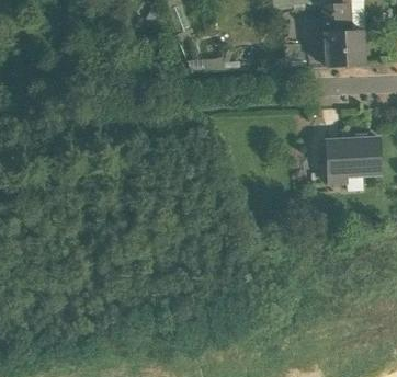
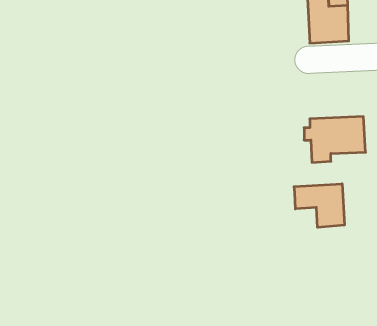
building: none -> [294,184,344,227]

